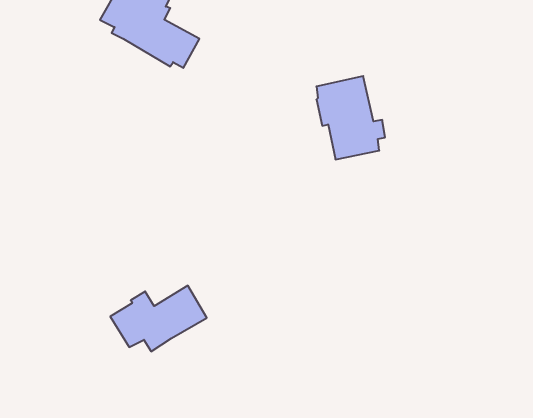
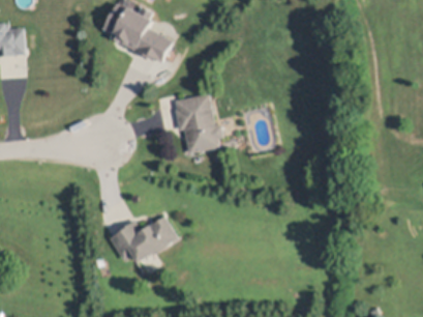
building: [316,76,385,159] -> [175,94,223,153]

